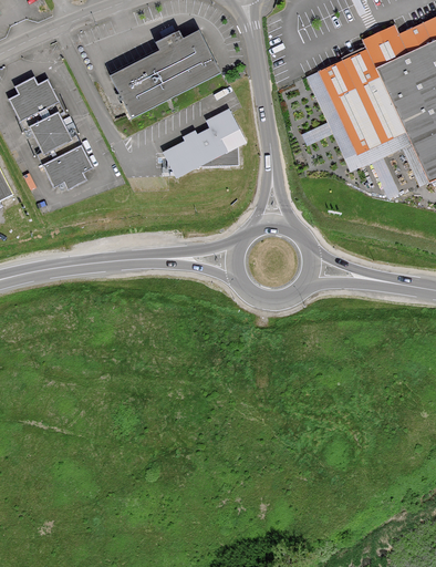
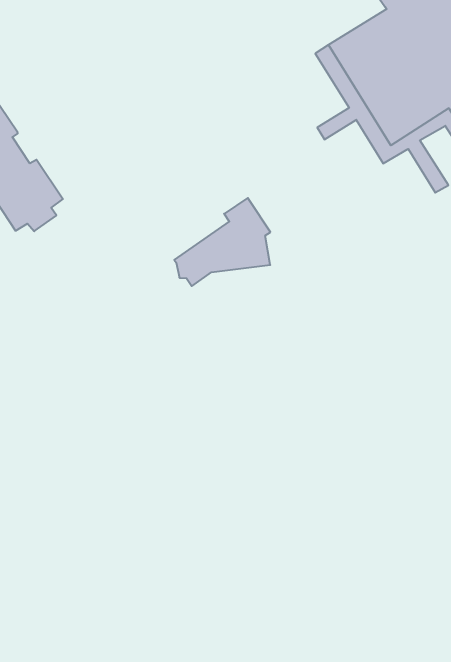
building: [108,29,220,118] -> none
building: [165,111,242,174] -> [174,198,270,286]

